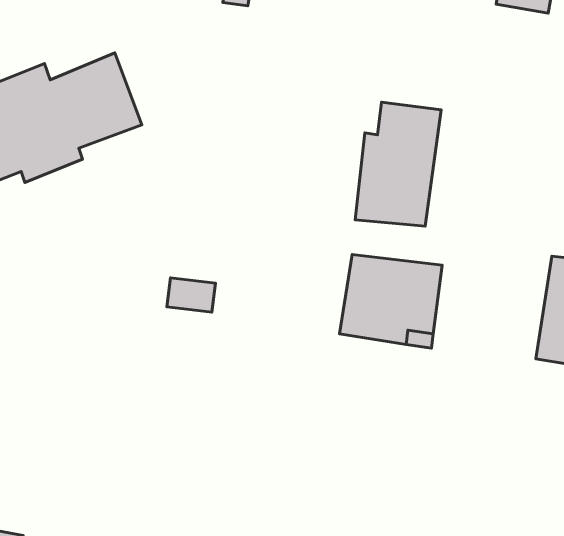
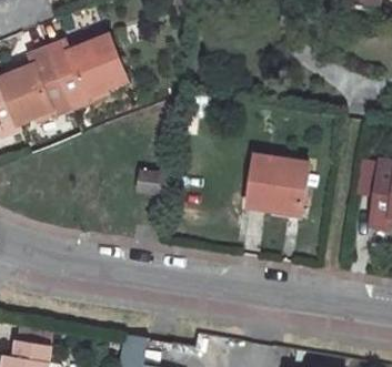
building: [355,102,441,226] -> none

